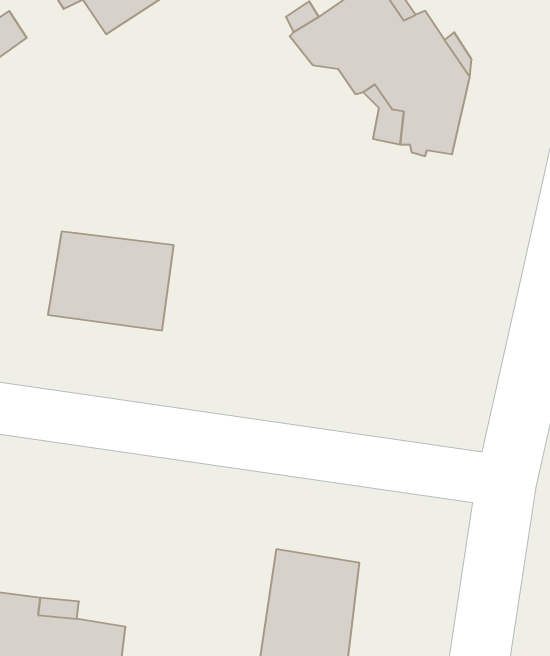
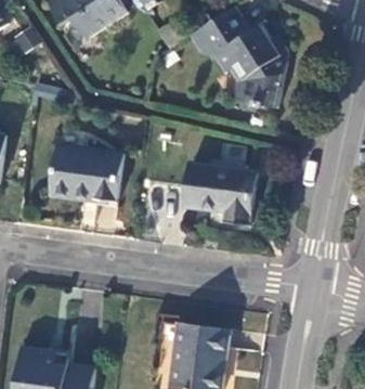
building: none -> [184,163,256,225]

